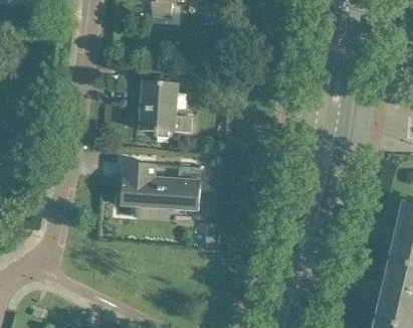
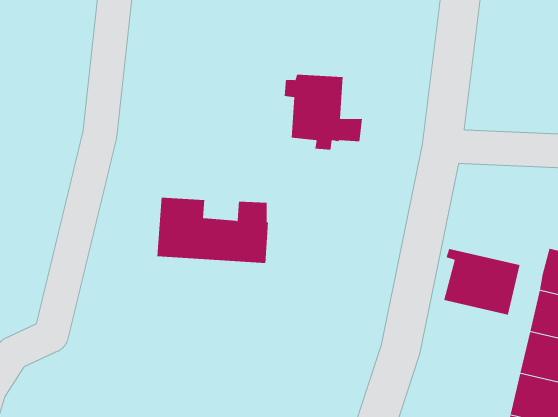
building: [134,83,191,138] -> [284,74,363,150]
building: none -> [444,248,520,315]

